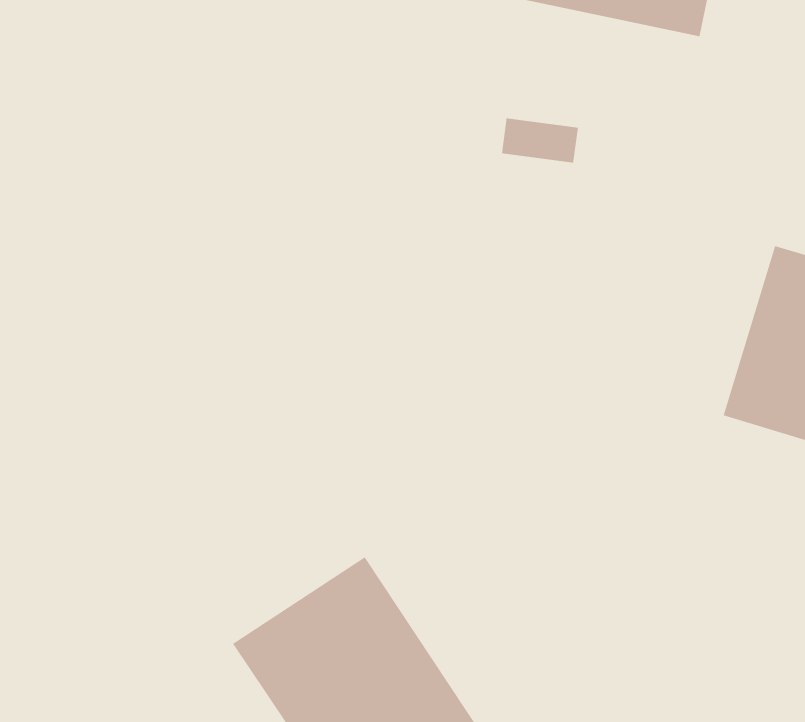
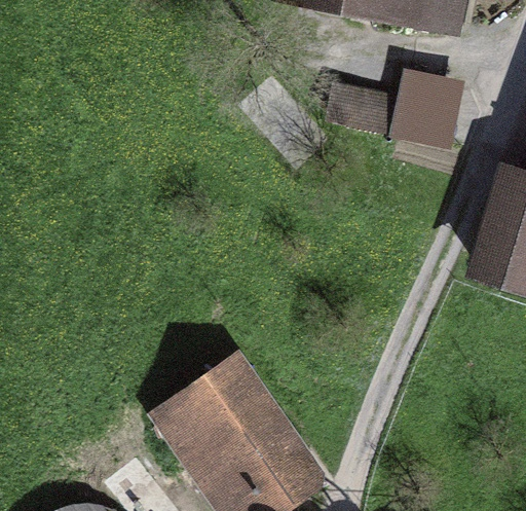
building: none -> [391,56,468,136]

